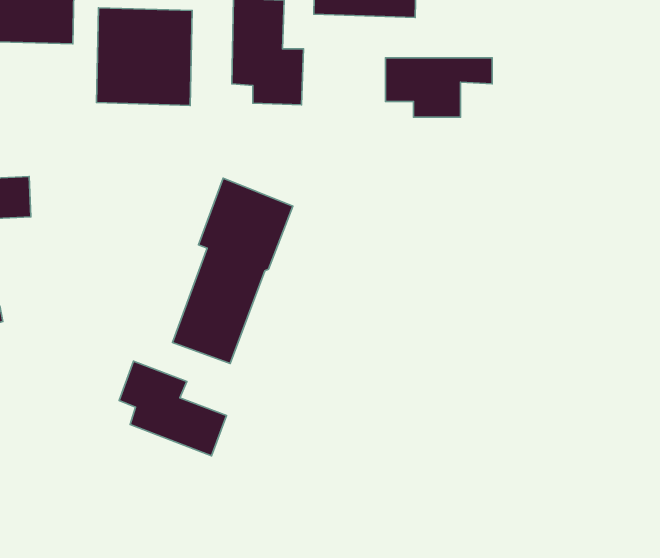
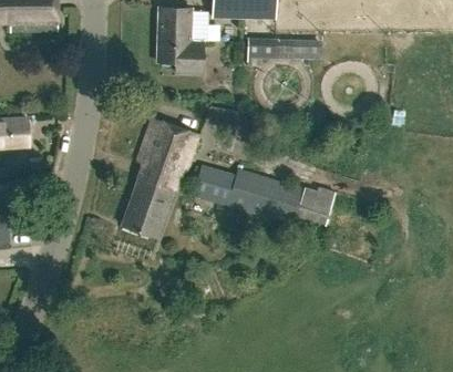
building: [96,8,192,105] -> none
building: none -> [191,161,332,235]
building: [119,361,226,456] -> none

